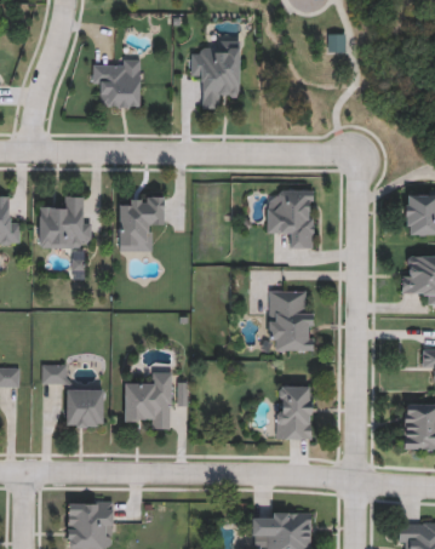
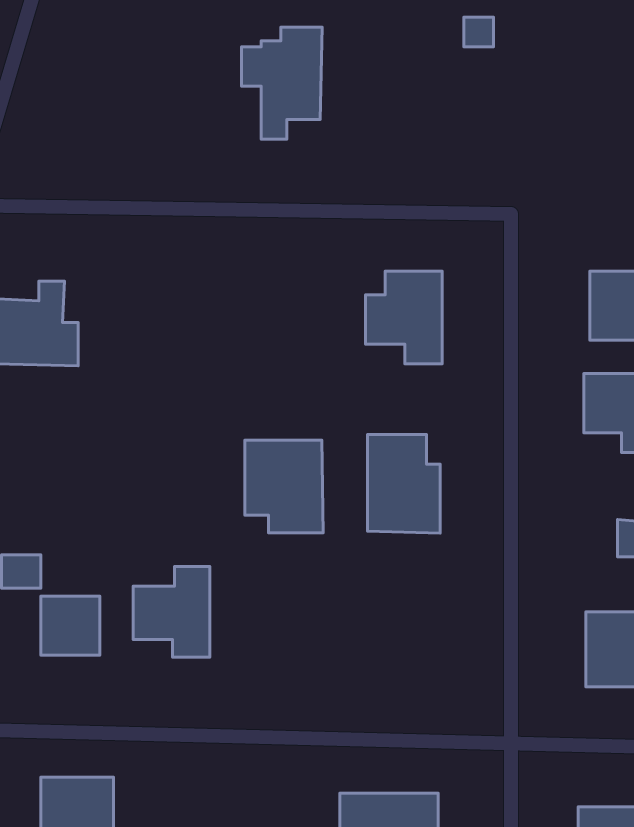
building: [92,59,141,108] -> none
building: [119,196,162,252] -> none
building: none -> [245,440,323,533]
building: [276,385,311,439] -> none

